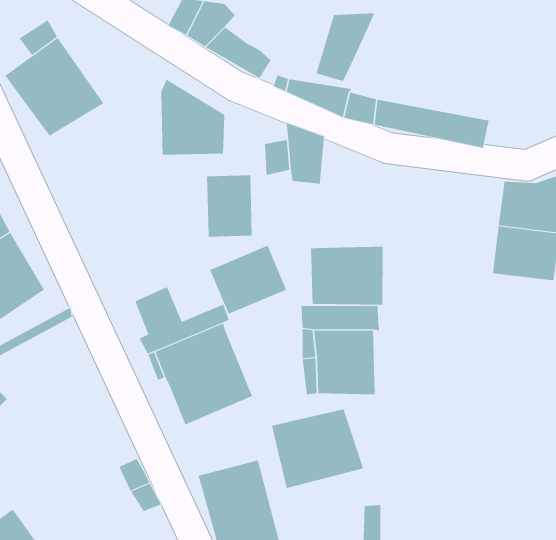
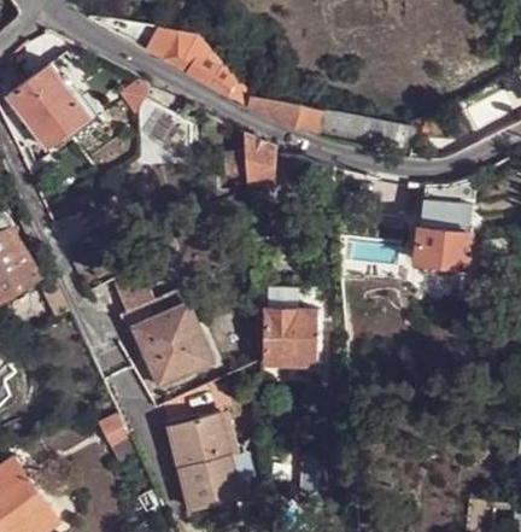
building: [316,12,375,82] -> none
building: [207,175,252,237] -> none
building: [209,245,287,315] -> none
building: [311,246,383,305] -> none
building: [271,408,364,489] -> none

